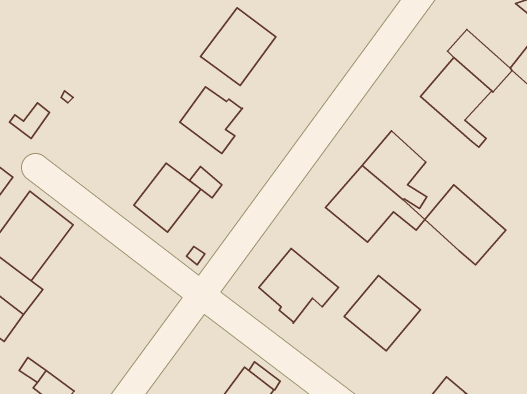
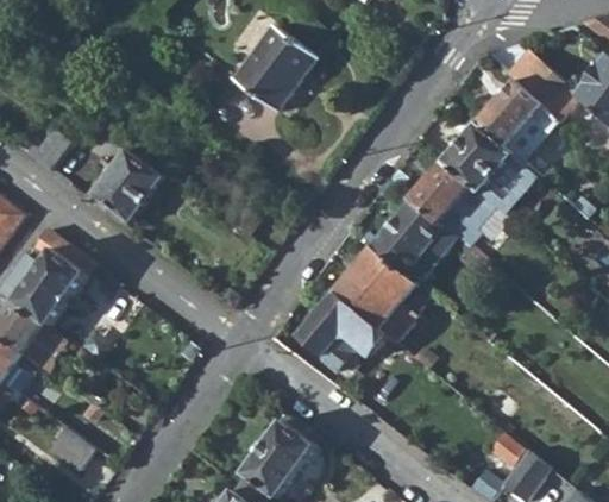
building: [180,87,242,154] -> none
building: [134,163,201,232] -> [90,148,164,224]
building: [425,185,506,265] -> [444,124,533,212]
building: [344,275,421,351] -> [333,246,417,330]

